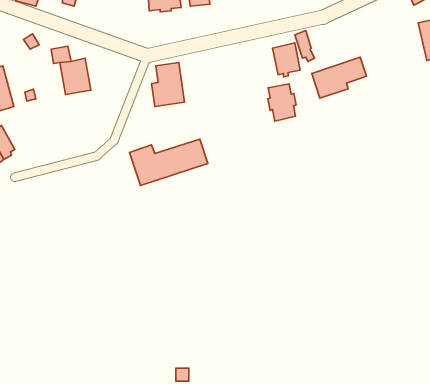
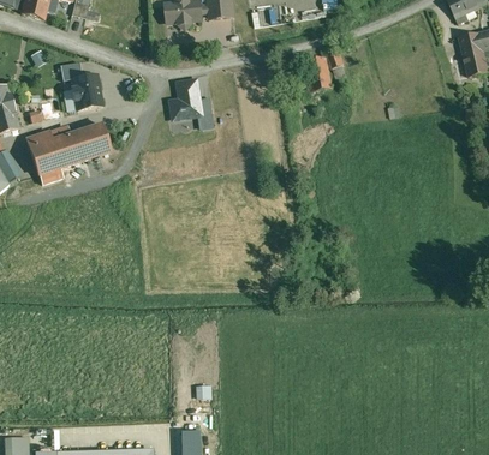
building: [312,57,367,98] -> none
building: [268,84,296,121] -> none
building: [129,139,208,185] -> [25,124,111,174]

